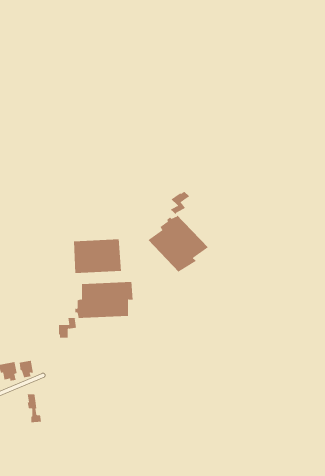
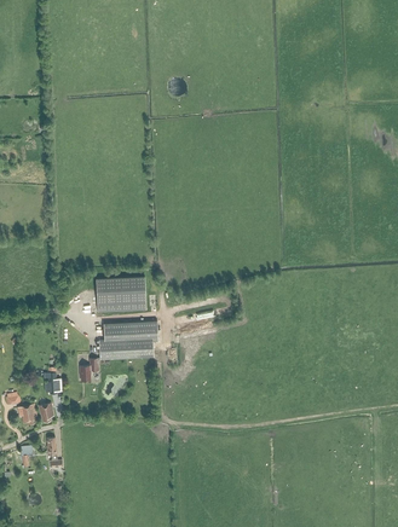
building: [148,191,209,272] -> none

